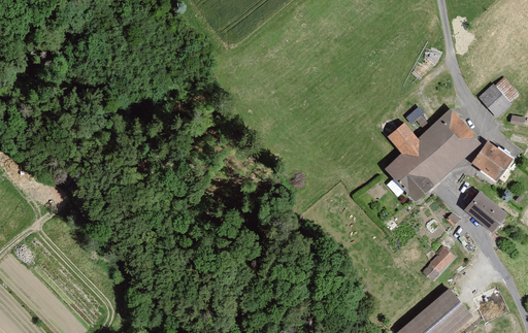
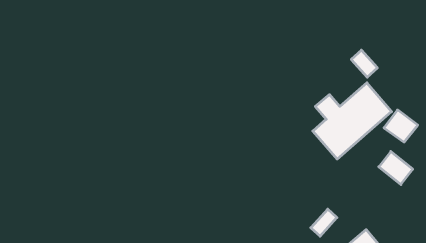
building: [480,85,512,118] -> [351,50,377,77]
building: [423,248,455,281] -> [311,209,337,236]

